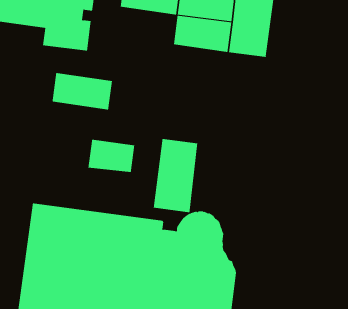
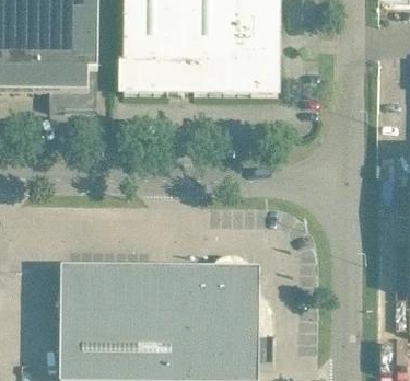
building: [52,72,113,110] -> [122,59,180,90]
building: [153,138,198,213] -> none
building: [88,139,135,173] -> none

